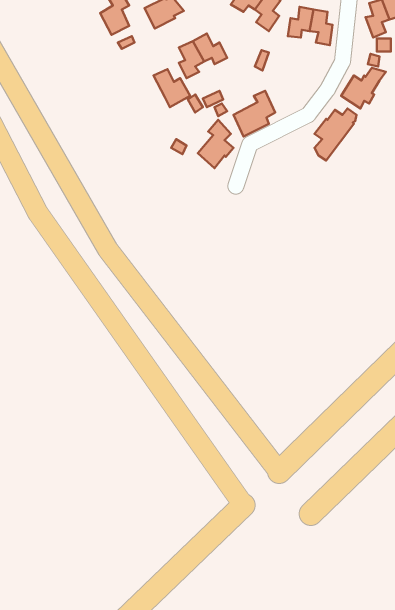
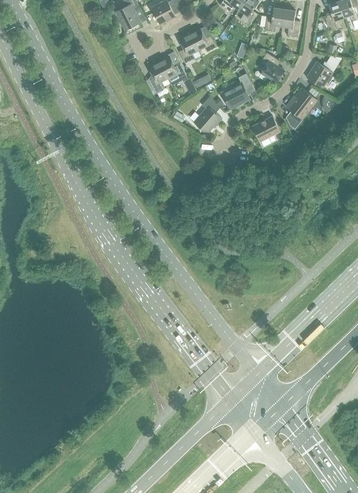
building: none -> [260,51,284,81]
building: none -> [147,60,167,93]
building: none -> [251,115,280,145]

